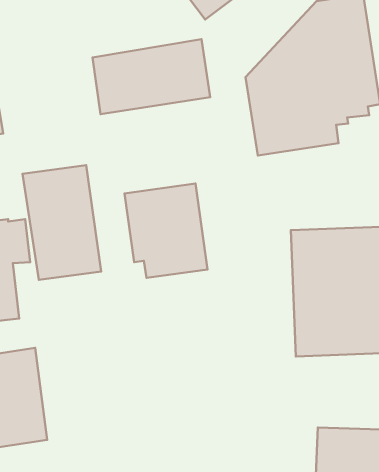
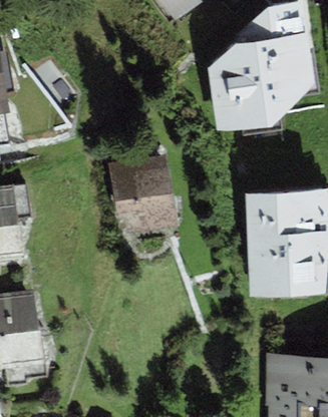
building: [92,39,210,114] -> none
building: [22,165,101,280] -> none

